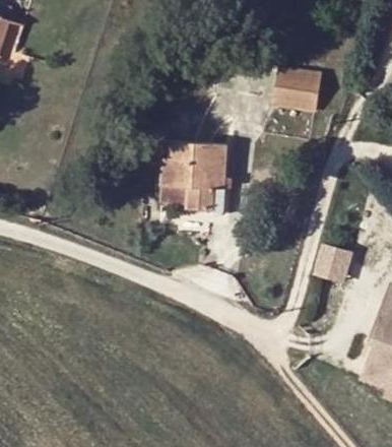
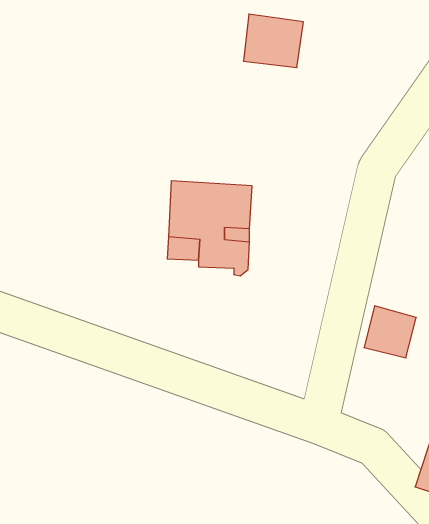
building: [275,70,322,112] -> [243,14,303,68]

